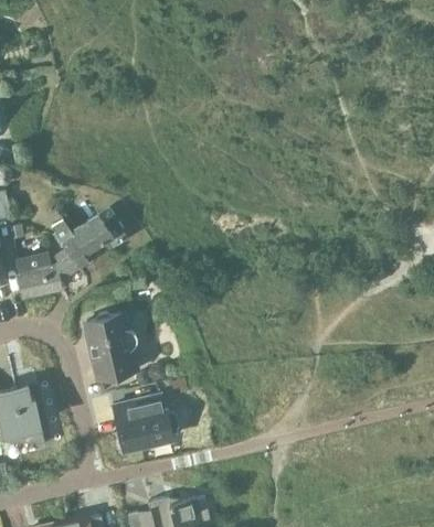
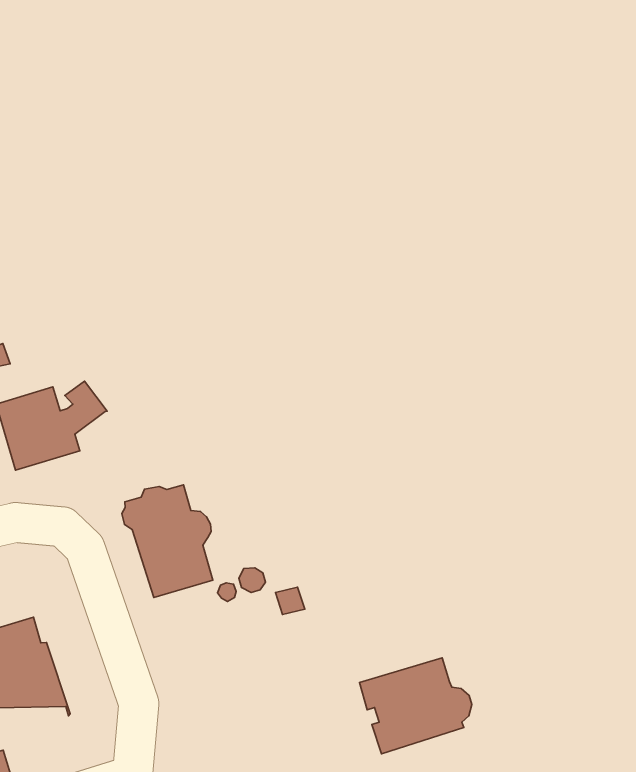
building: [52,215,113,279] -> none
building: [114,395,179,449] -> [359,658,472,754]

